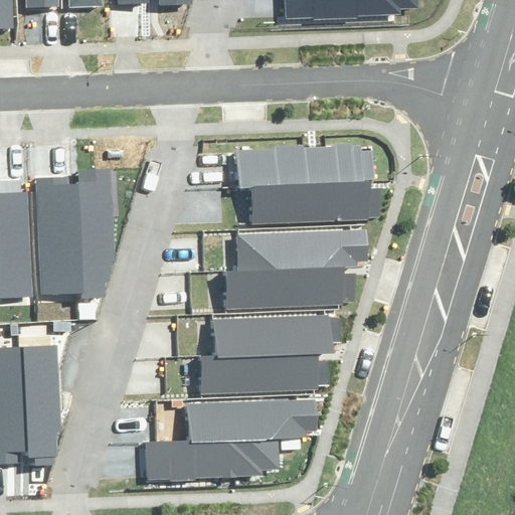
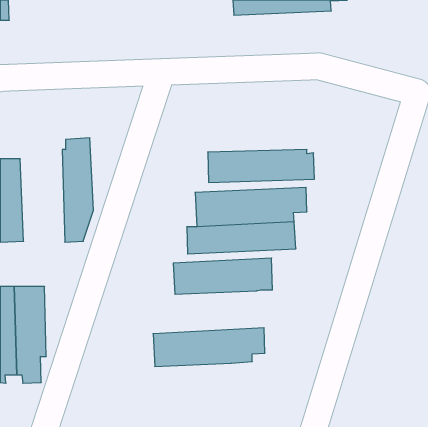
building: [235,146,369,186] -> none
building: [37,177,79,294] -> none
building: [196,350,316,394] -> none
building: [140,438,280,483] -> none

